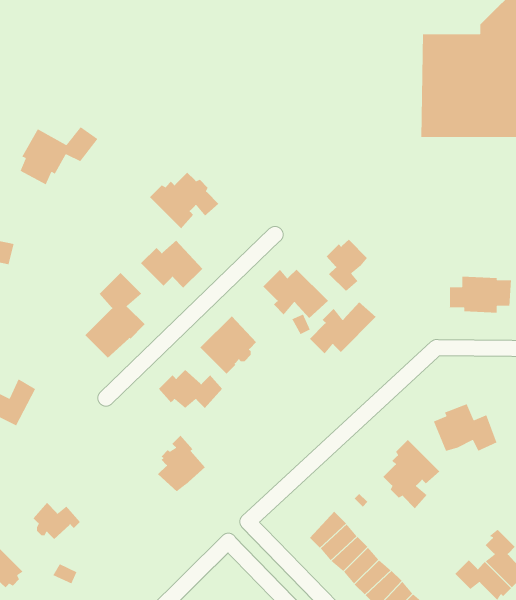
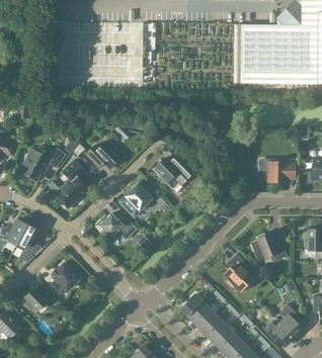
building: [19,126,98,186] -> [22,147,67,180]
building: [149,172,219,229] -> none
building: [326,239,368,292] -> none
building: [309,301,377,355] -> none
building: none -> [16,225,42,255]
building: [157,435,206,492] -> [51,261,78,293]

